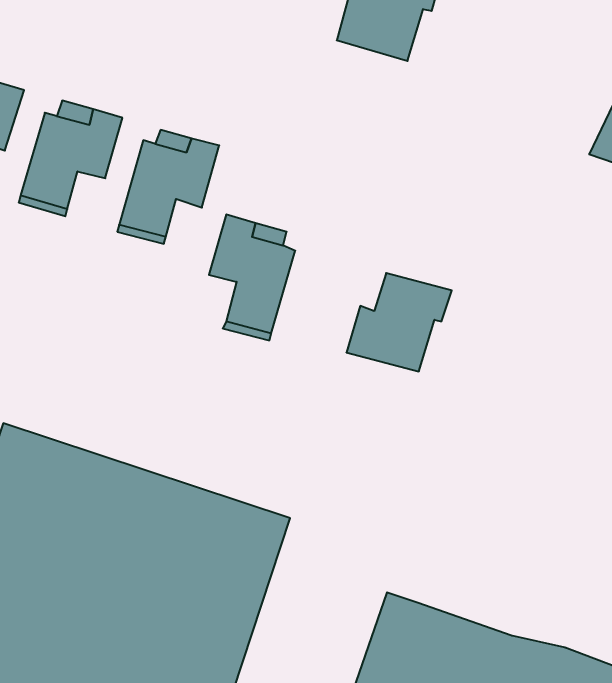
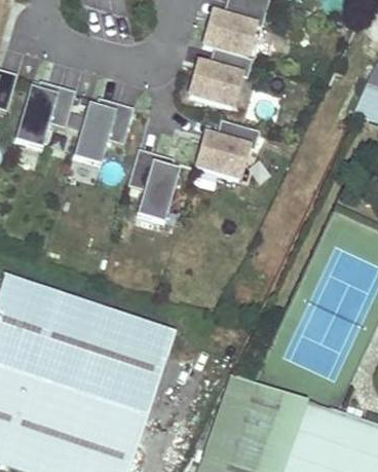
building: none -> [189,48,251,107]
building: [346,273,452,371] -> [197,120,260,179]

